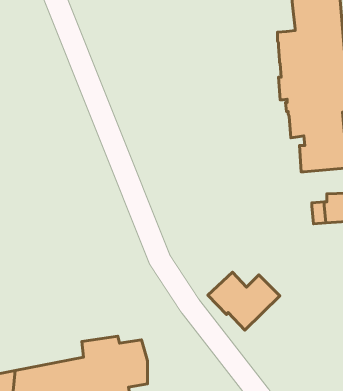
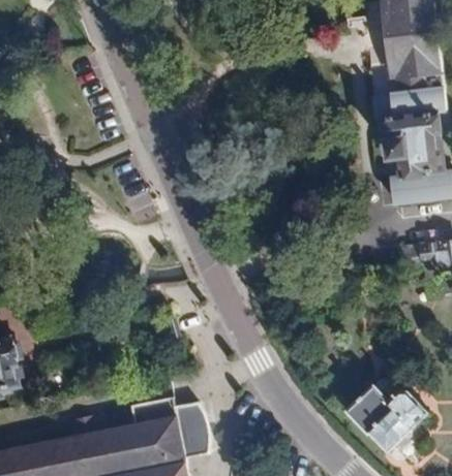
building: [208,272,280,330] -> [346,384,431,452]

